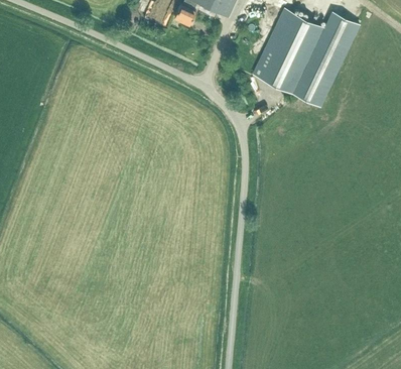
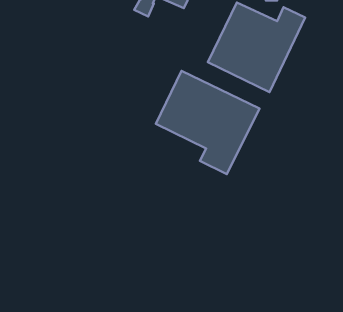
building: none -> [156,71,260,174]

